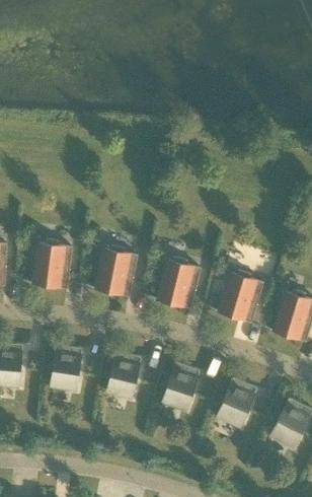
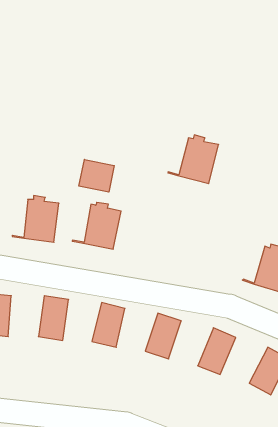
building: none -> [79,159,114,192]
building: [147,259,200,309] -> [168,135,219,184]
building: [208,272,262,323] -> none

